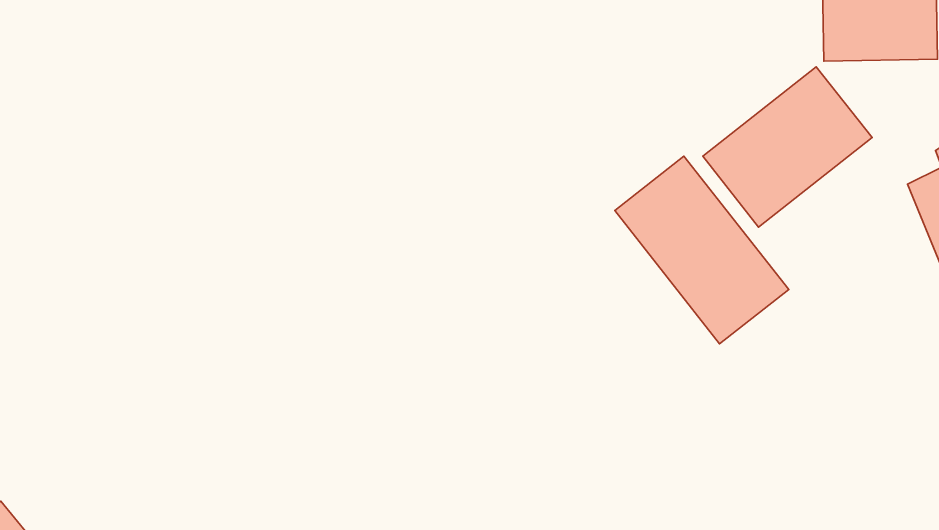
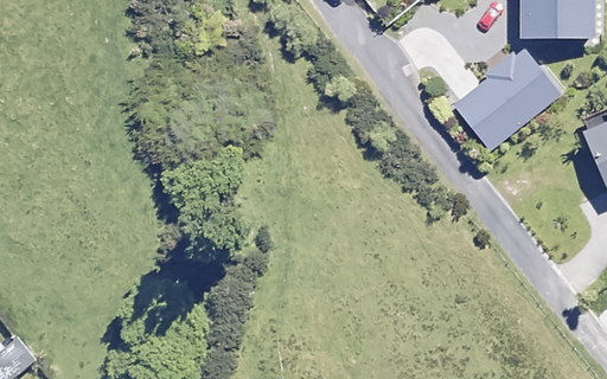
building: [615,156,789,344] -> none

